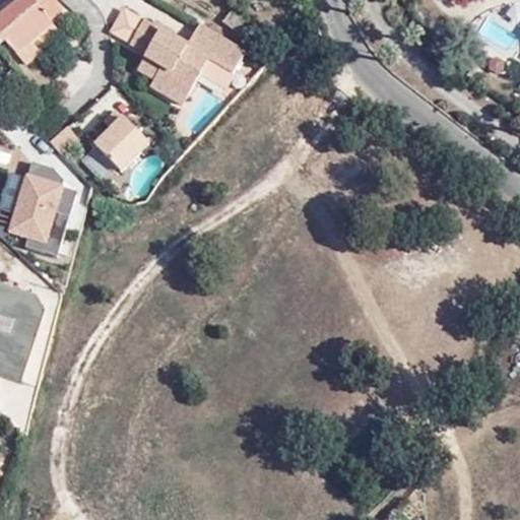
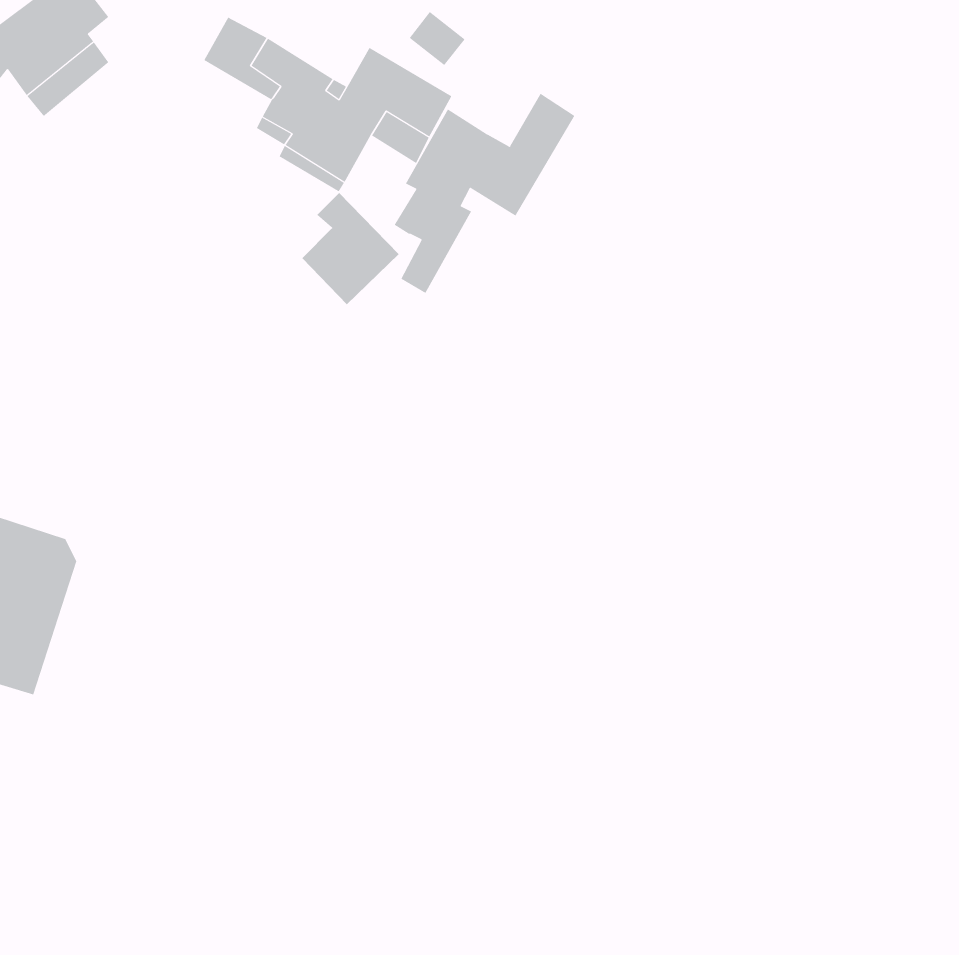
building: none -> [394,93,575,294]
building: [96,109,149,170] -> [301,192,399,305]
building: [6,169,63,240] -> none

